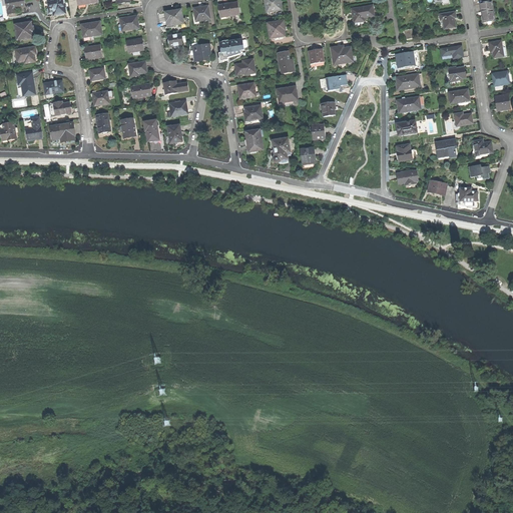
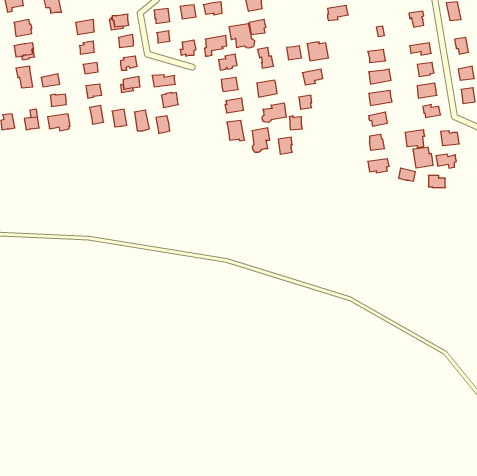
building: none -> [229,23,255,48]
building: none -> [262,103,286,122]
building: none -> [413,147,433,168]

